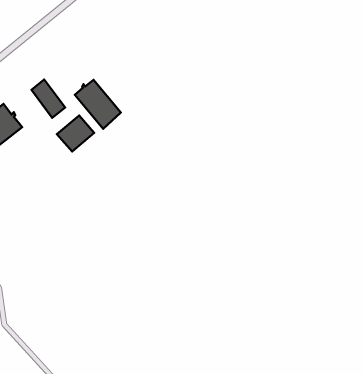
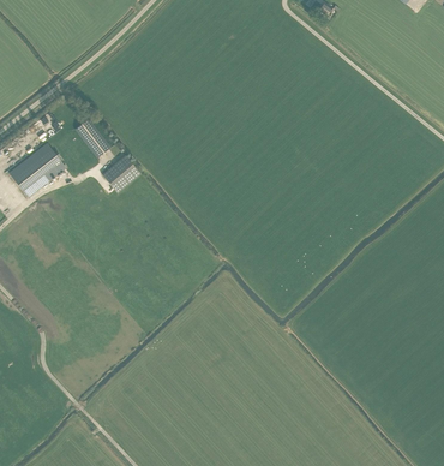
building: [75,80,121,129] -> none

